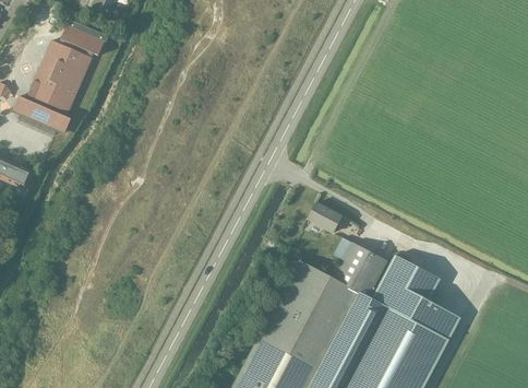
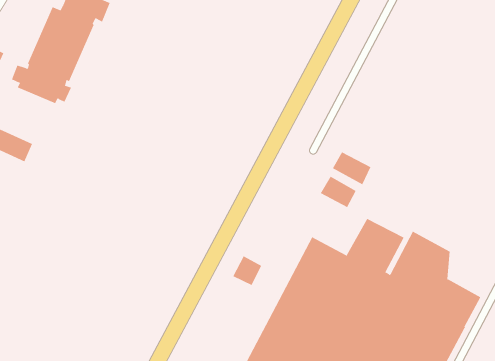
building: none -> [332,151,371,185]
building: none -> [232,256,262,286]

